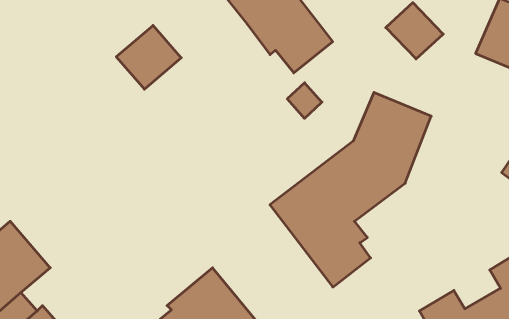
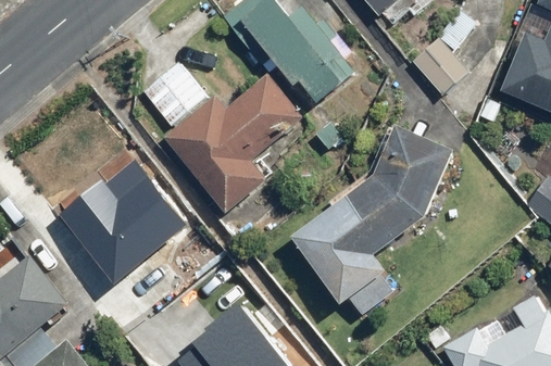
building: none -> [159,71,303,214]
building: none -> [57,172,183,282]

